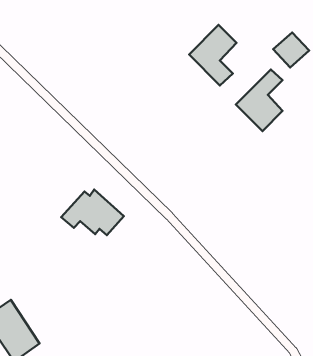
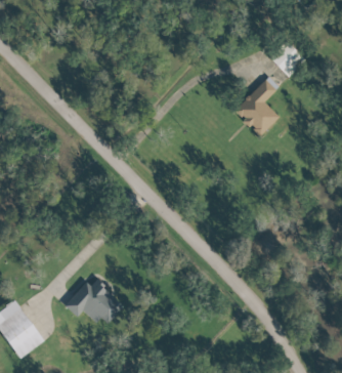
building: [189,25,236,85] -> none
building: [61,189,124,235] -> [63,280,124,324]

